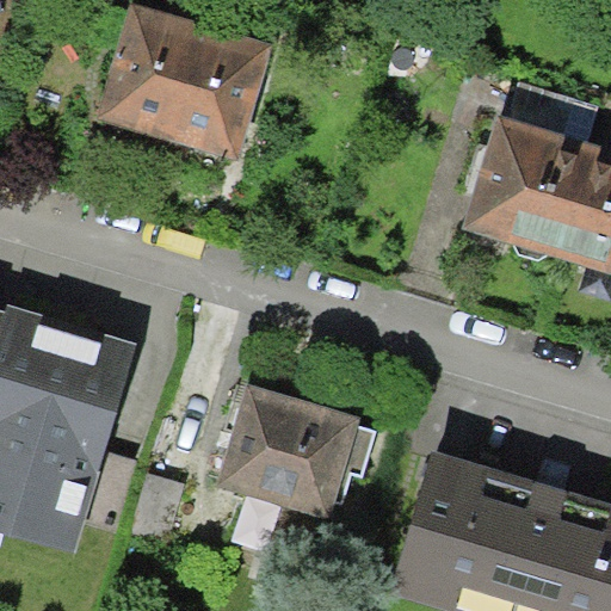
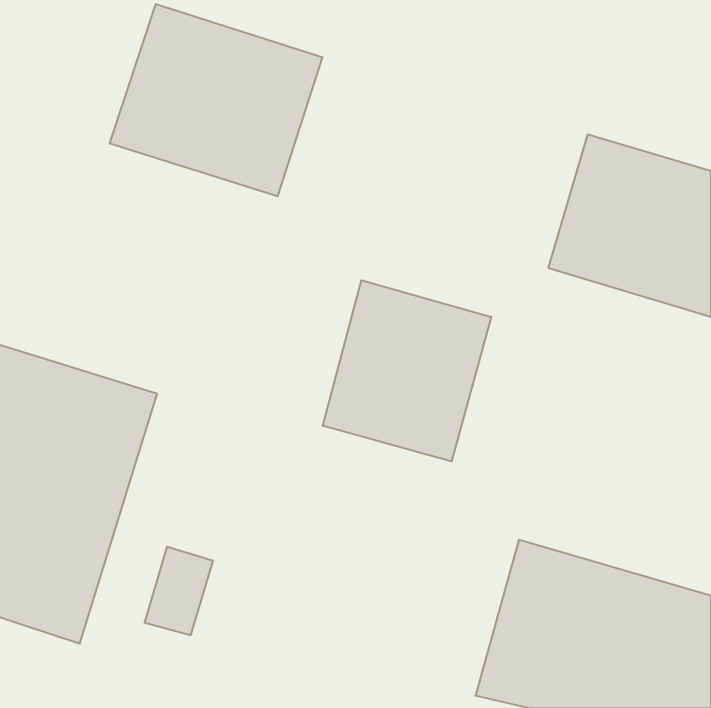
building: none -> [323,280,491,462]
building: [221,391,368,518] -> none

